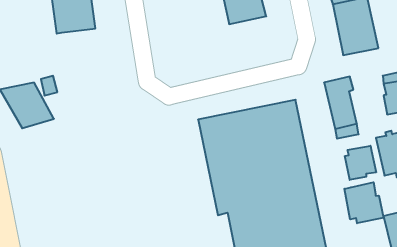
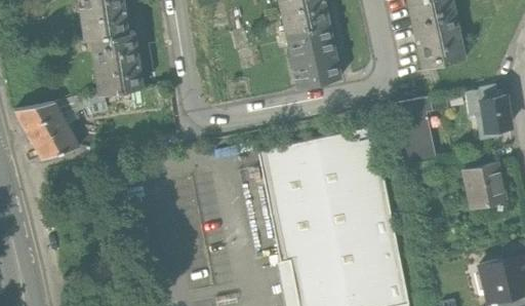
building: none -> [290,24,346,86]
building: none -> [91,37,145,100]
building: [345,146,376,180] -> none
building: [344,182,383,223] -> none

